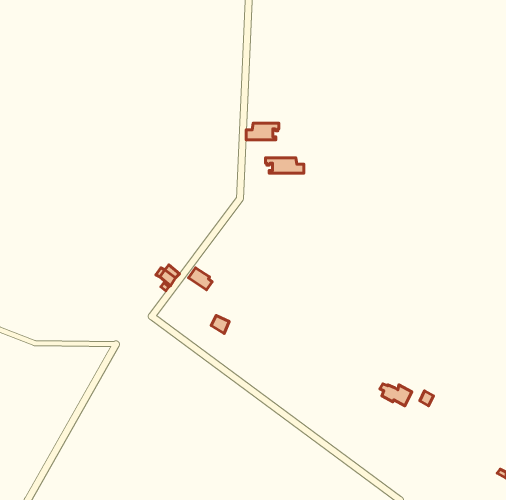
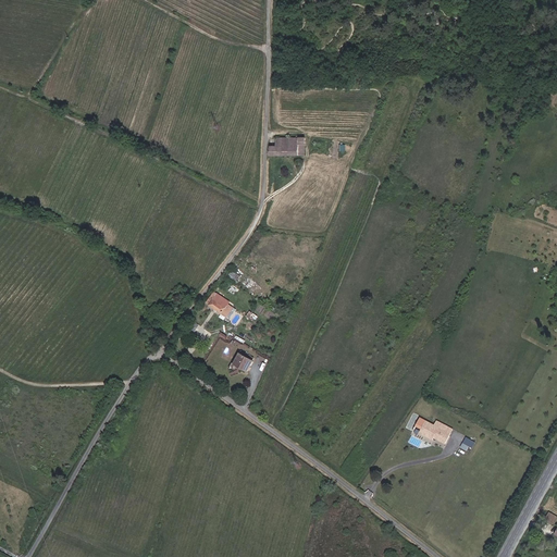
building: [266,158,304,173] -> none

